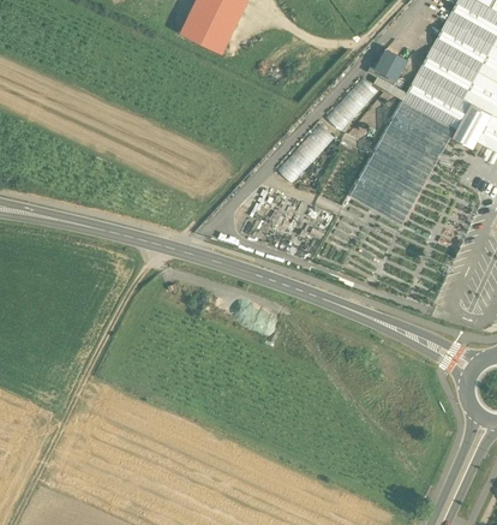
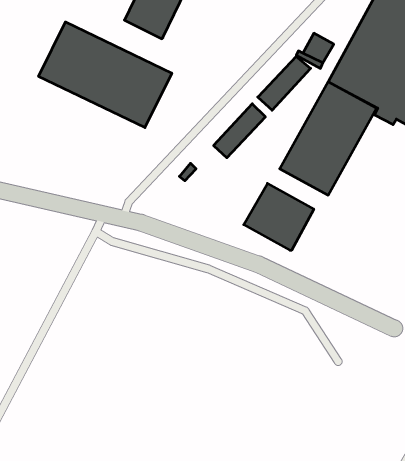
building: none -> [39,22,172,128]
building: none -> [244,183,314,250]

